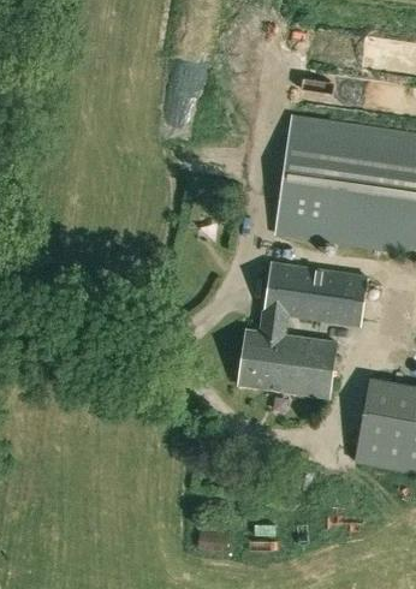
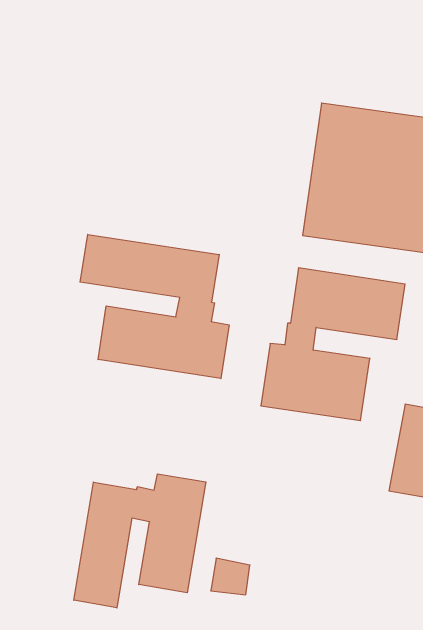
building: none -> [80,234,229,379]
building: none -> [74,474,206,608]

